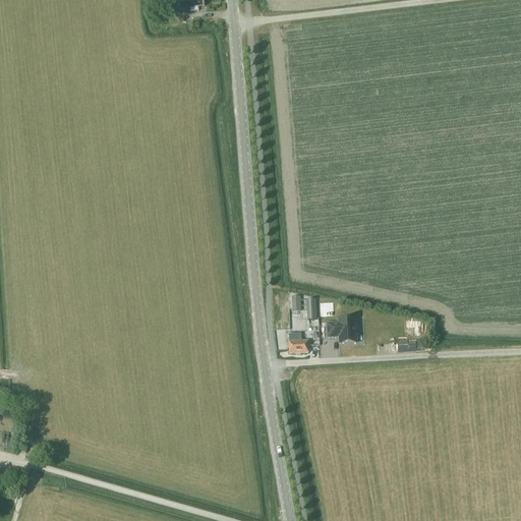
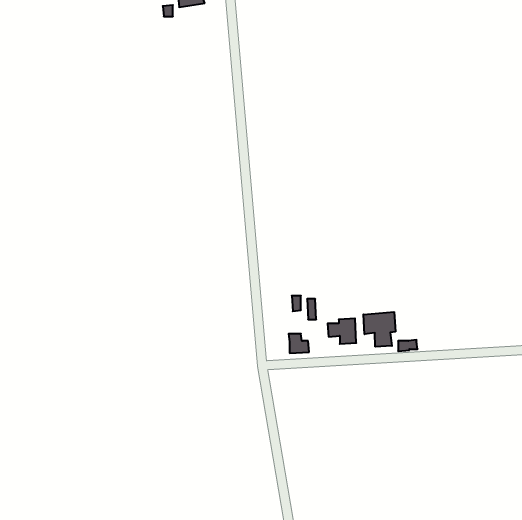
building: none -> [363,312,395,347]

